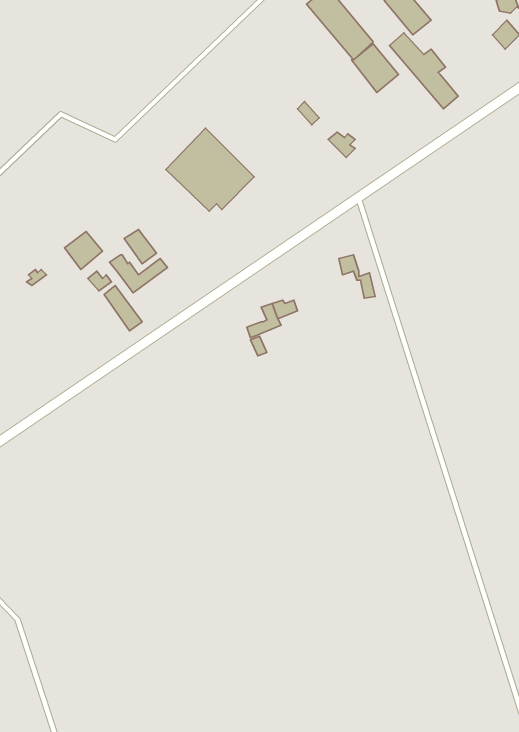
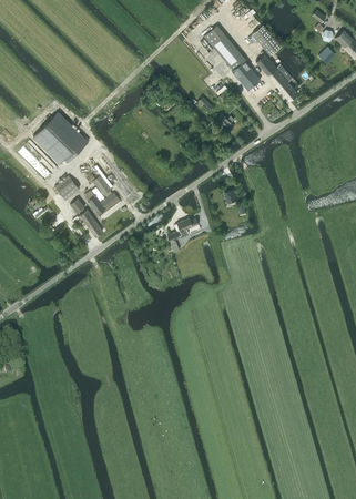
building: [166,128,254,211] -> [33,112,88,163]

